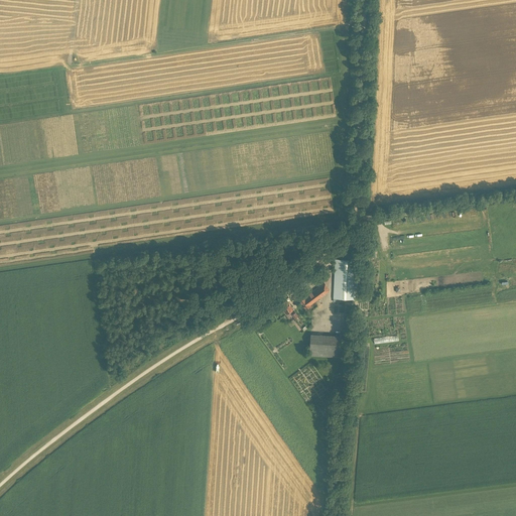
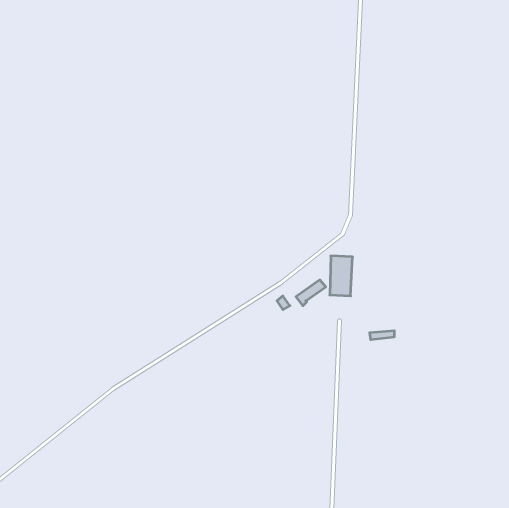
building: [309,338,341,357] -> none

